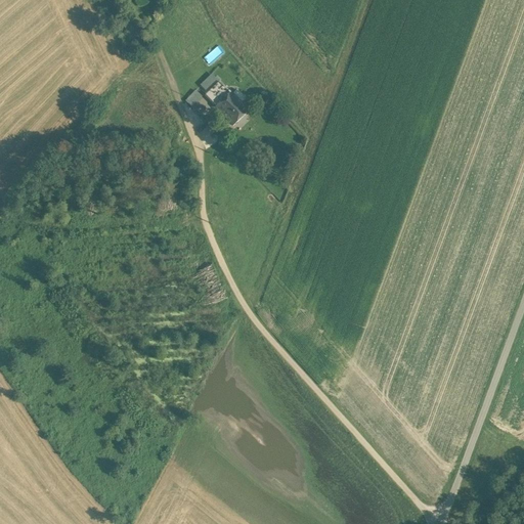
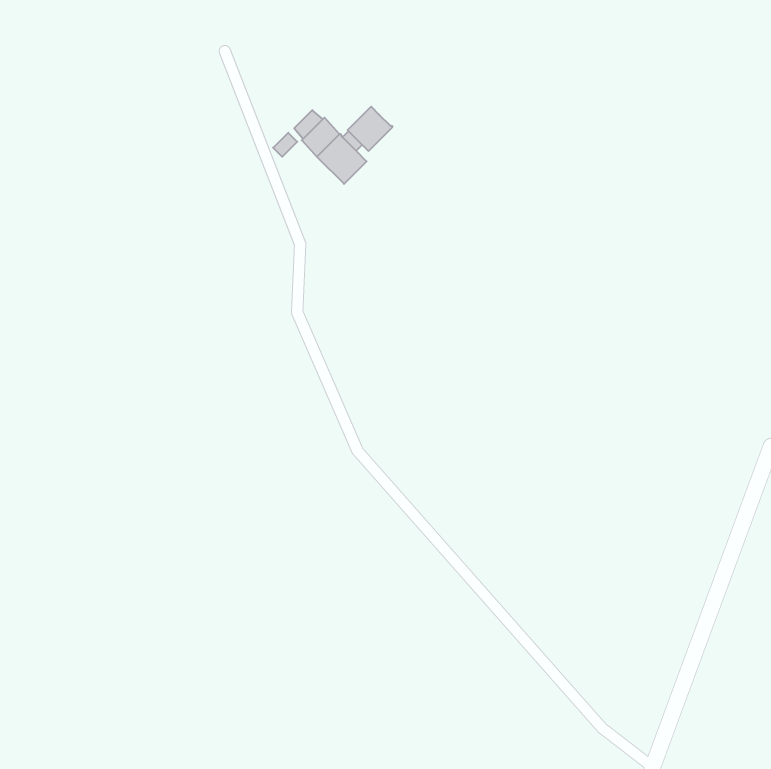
building: none -> [348,107,392,151]

